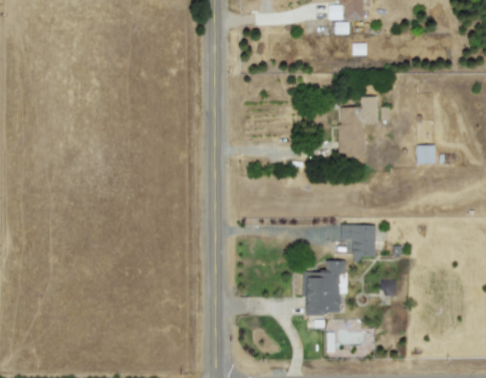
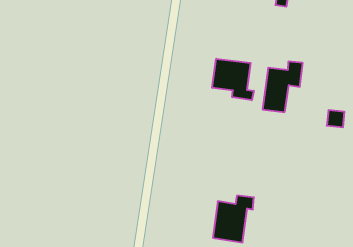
building: none -> [212,59,254,100]
building: [339,224,387,257] -> none

